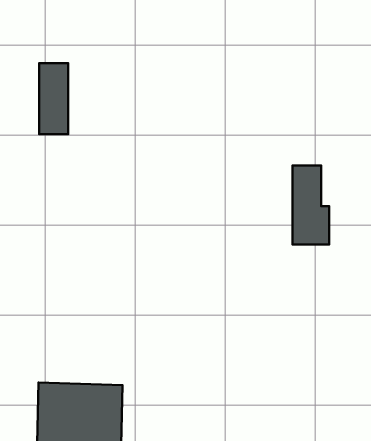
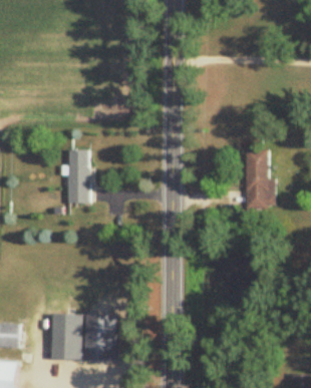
building: [39,63,68,134] -> [67,148,89,203]

